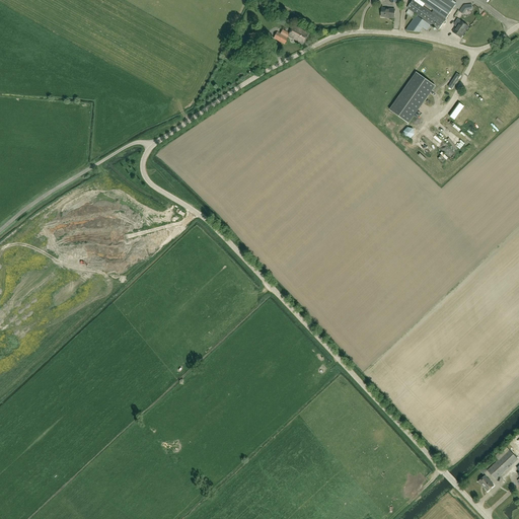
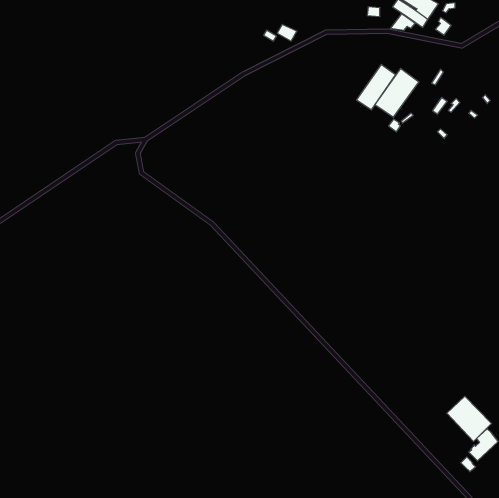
building: none -> [357,64,396,110]
building: none -> [447,396,492,441]

